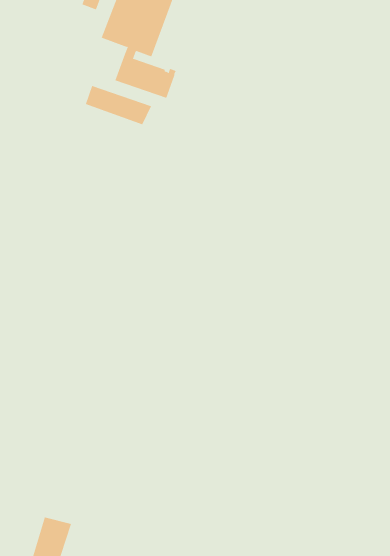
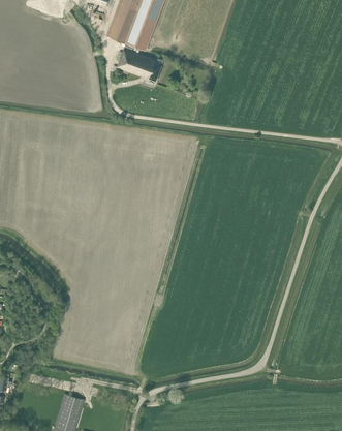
building: [85,85,152,125] -> none

